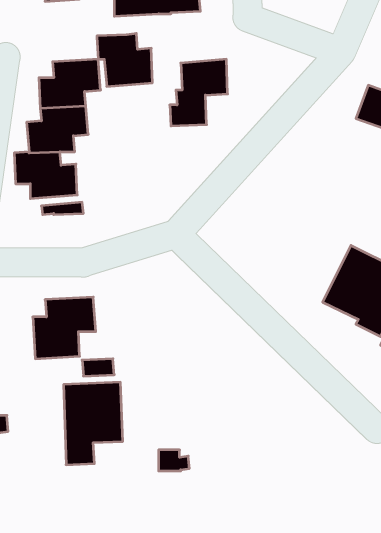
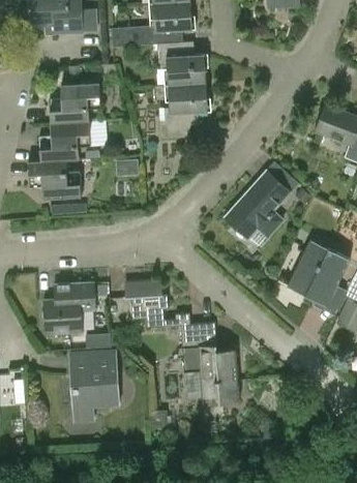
building: [97,33,152,86] -> [159,41,206,86]
building: none -> [224,171,290,239]
building: none -> [124,278,239,402]

